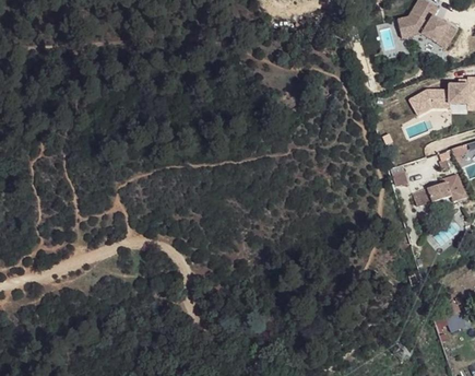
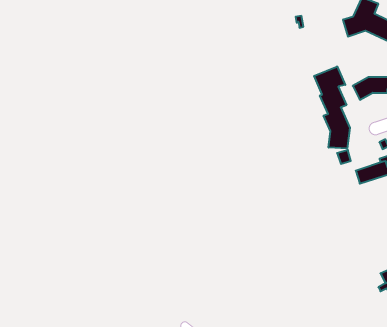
building: none -> [314,66,350,148]

